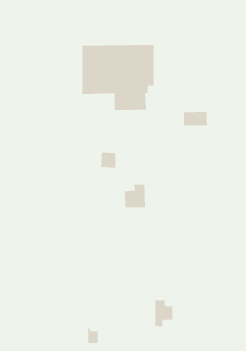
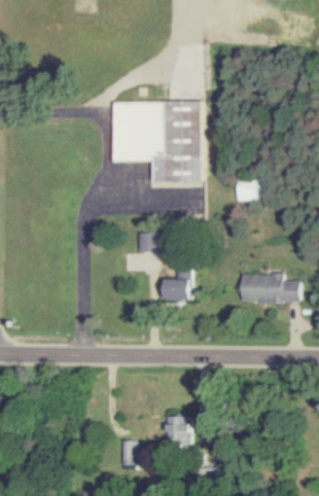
building: none -> [241,274,300,303]
building: [155,300,173,327] -> [167,417,189,450]

